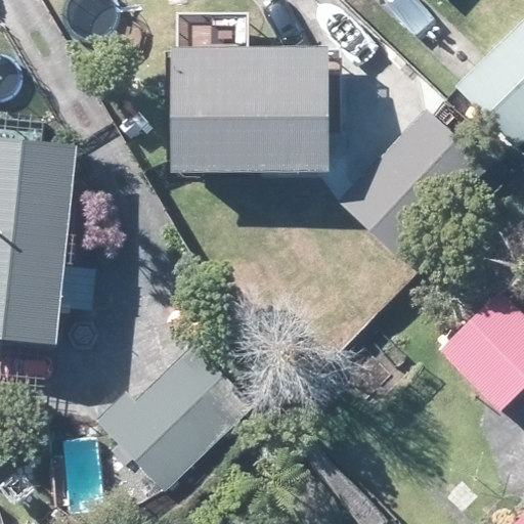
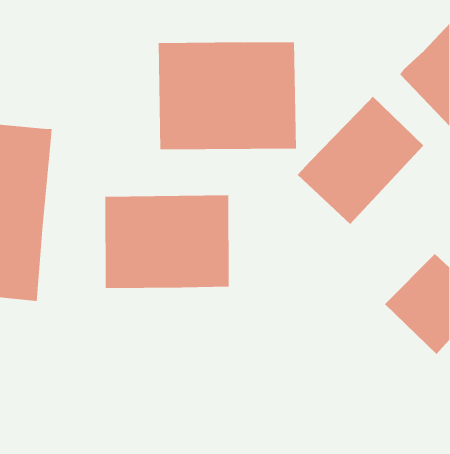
building: none -> [105,194,229,289]
building: [101,344,255,487] -> none

